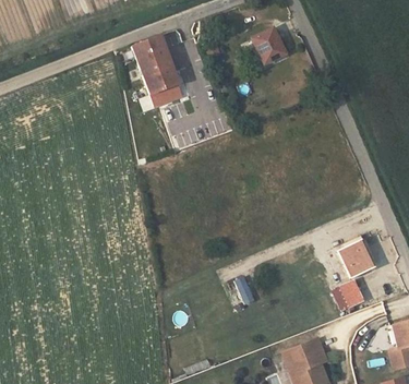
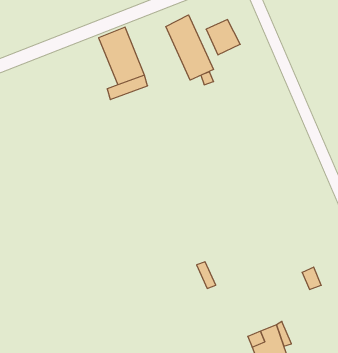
building: none -> [166,15,213,80]
building: [338,239,371,275] -> none

